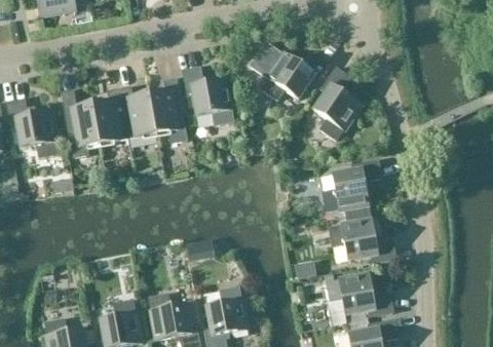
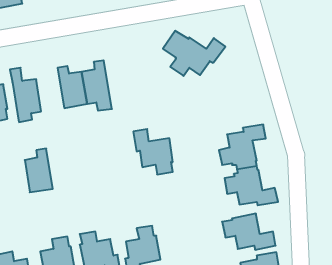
building: [313,67,364,140] -> none
building: [184,68,233,124] -> [133,129,173,174]
building: [93,89,128,144] -> [25,149,53,192]

